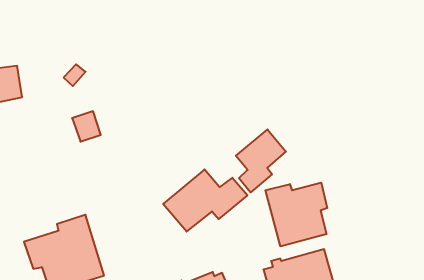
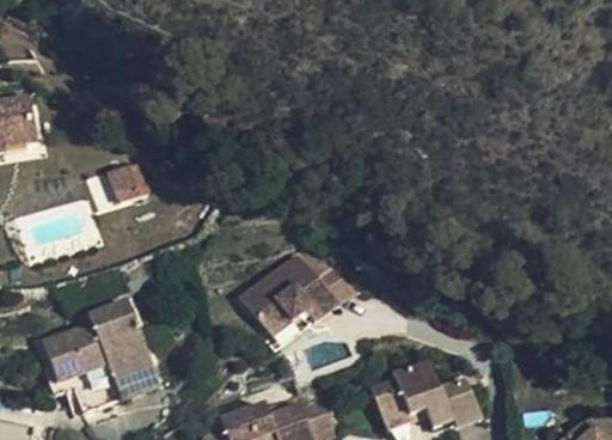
building: [236,129,286,192] -> none
building: [265,183,327,246] -> none

